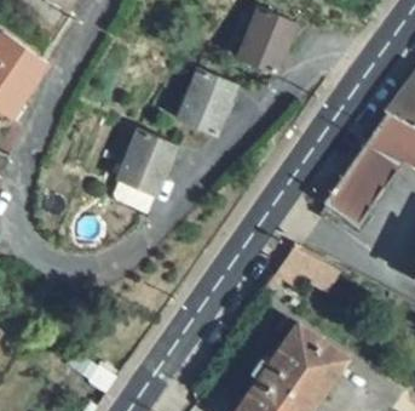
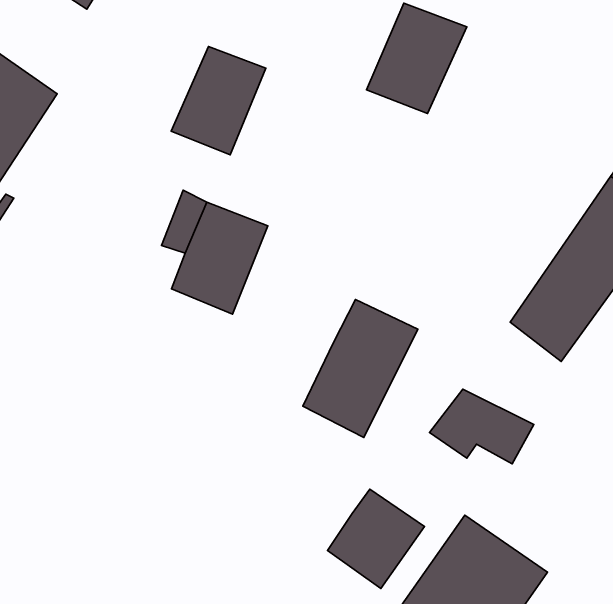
building: [177,68,235,135] -> [171,46,266,155]
building: none -> [303,299,418,437]
building: none -> [328,489,425,589]

